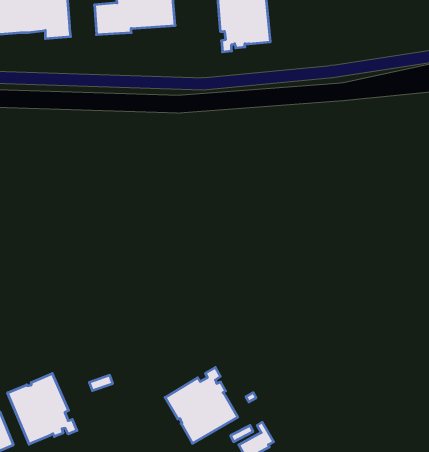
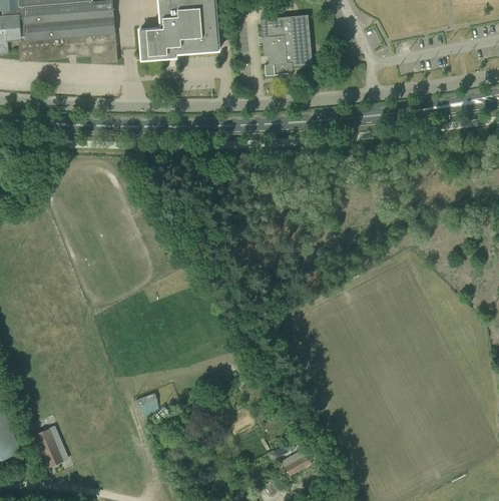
building: [165,367,238,443] -> none
building: [8,373,77,444] -> none

